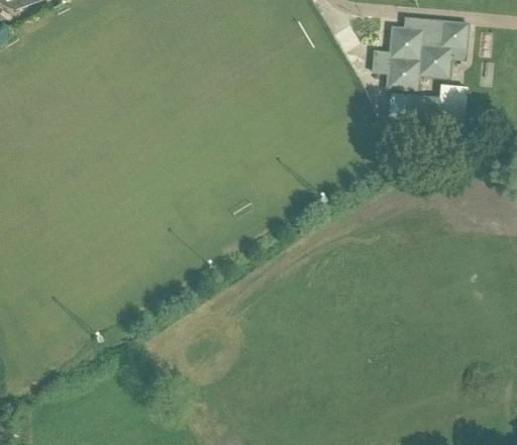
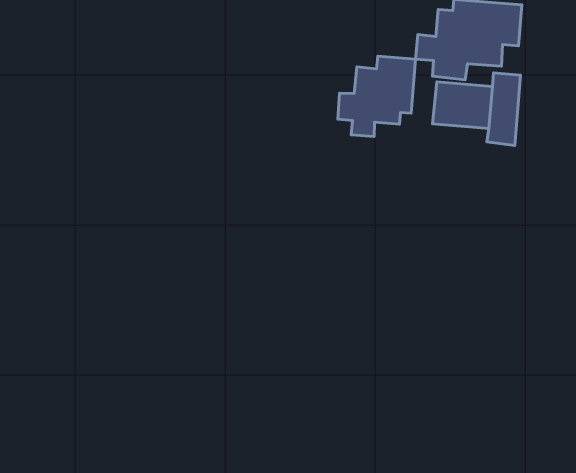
building: none -> [338,56,415,137]

